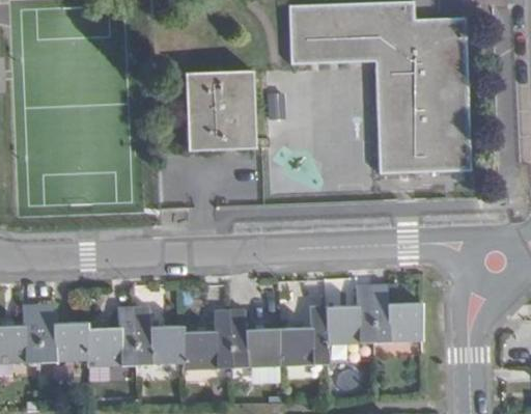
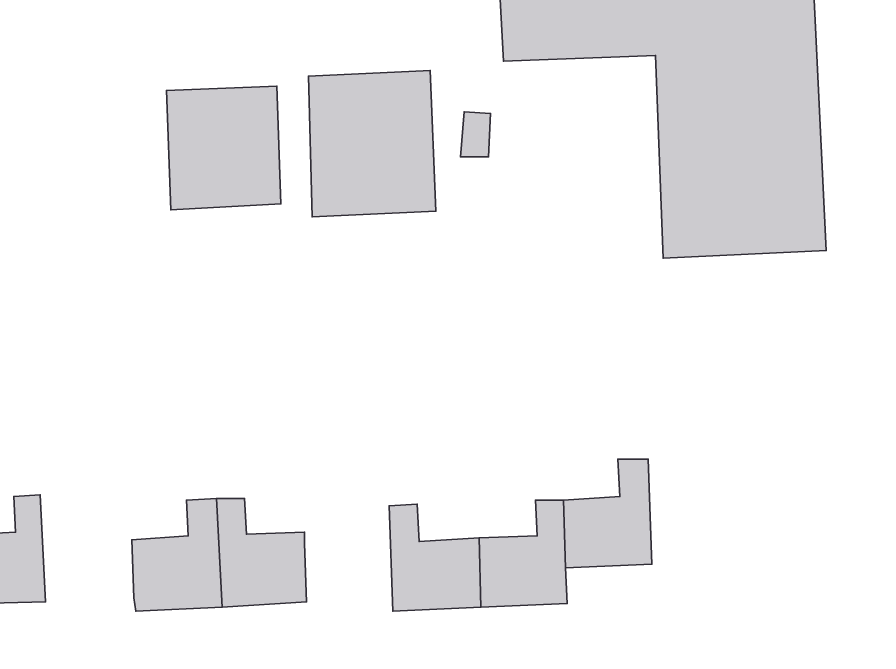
building: none -> [166,86,281,210]
building: [372,282,423,341] -> none
building: [36,302,88,362] -> none
building: [183,309,231,369] -> none

